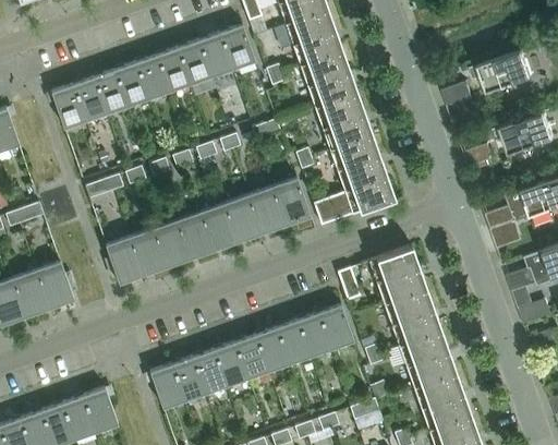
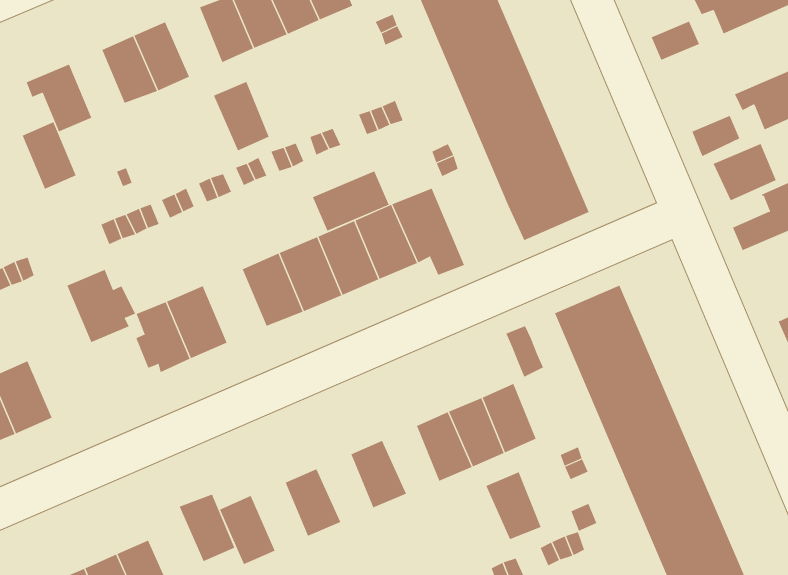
building: [136,55,170,98] -> [213,81,270,151]
building: [74,77,107,120] -> [22,122,76,190]
building: none -> [713,143,776,201]
building: none -> [312,170,389,231]
building: [314,192,353,226] -> none
building: [149,221,187,267] -> none
building: [36,262,78,308] -> [66,269,136,343]
building: [256,327,290,370] -> [485,472,542,540]
building: [214,342,247,385] -> none
building: [171,358,205,400] -> [179,494,235,562]

